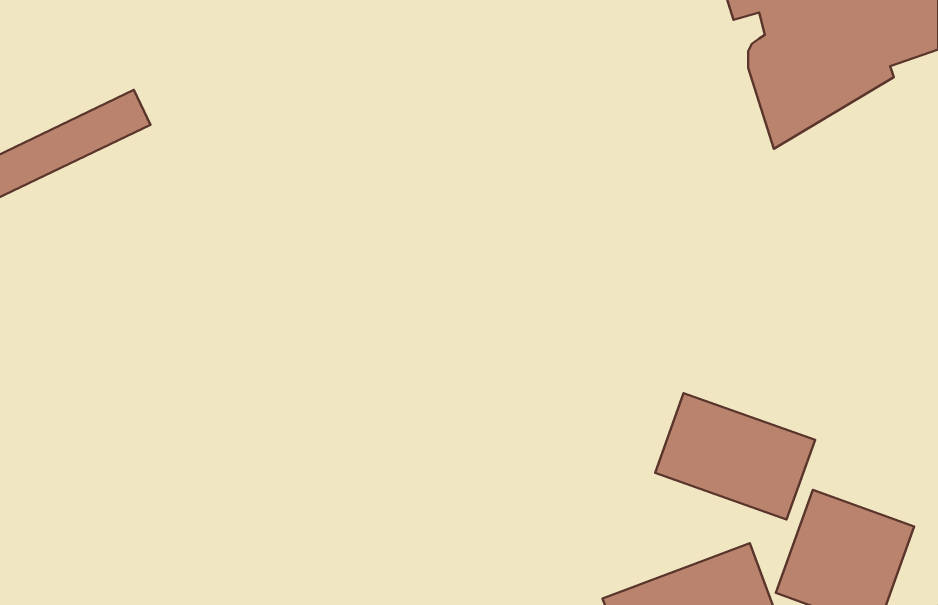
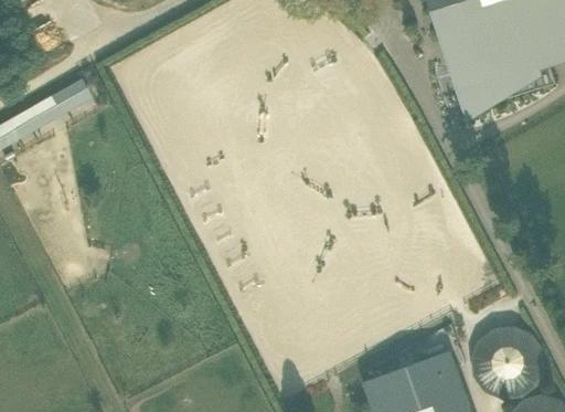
building: [655,393,815,519] -> none

